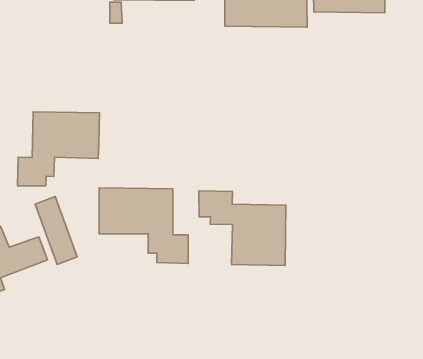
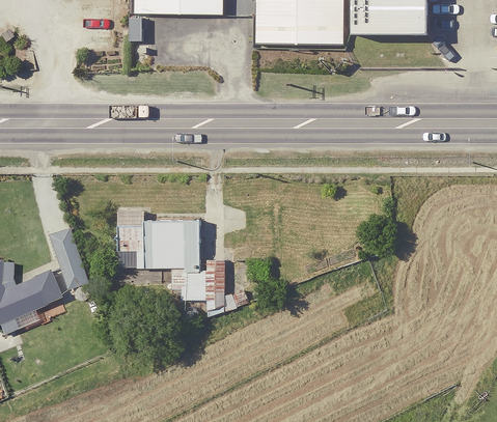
building: [18,112,99,186] -> none
building: [199,191,286,266] -> none

